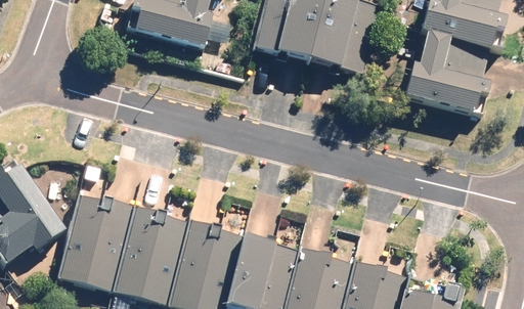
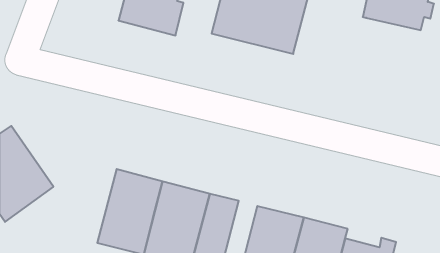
building: [406,30,491,116] -> none
building: [60,192,137,292] -> none

